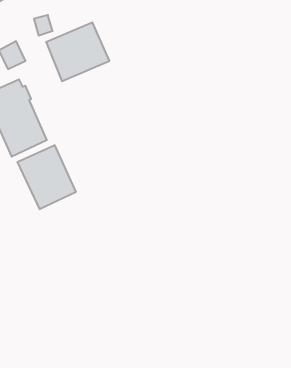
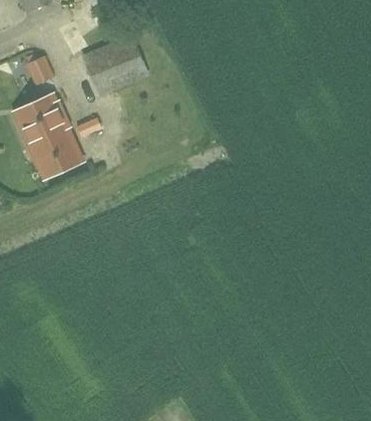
building: [17,145,76,209] -> none

